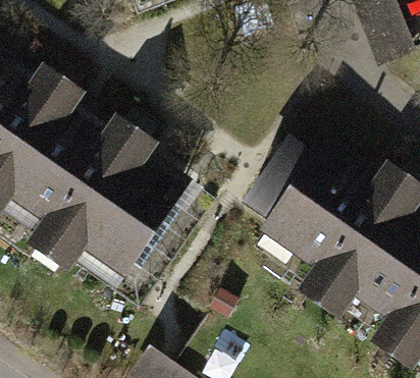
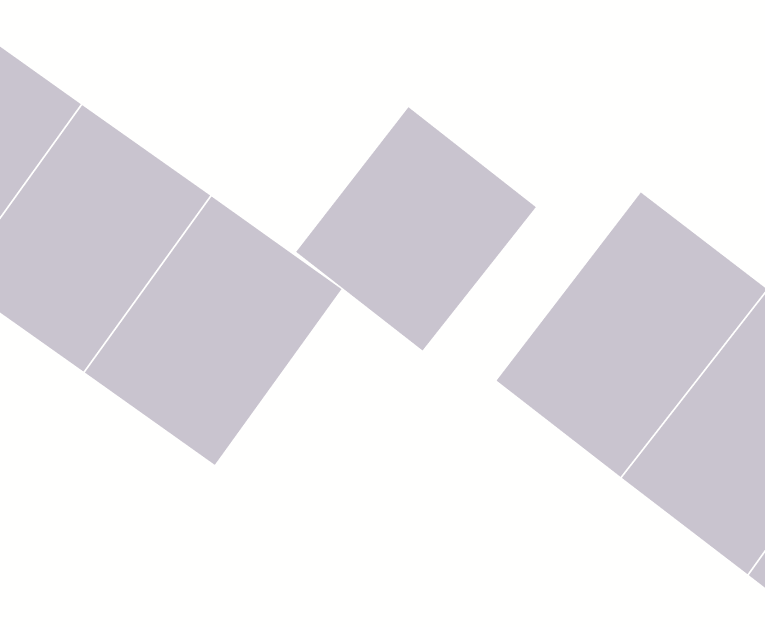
building: none -> [295,106,537,351]

